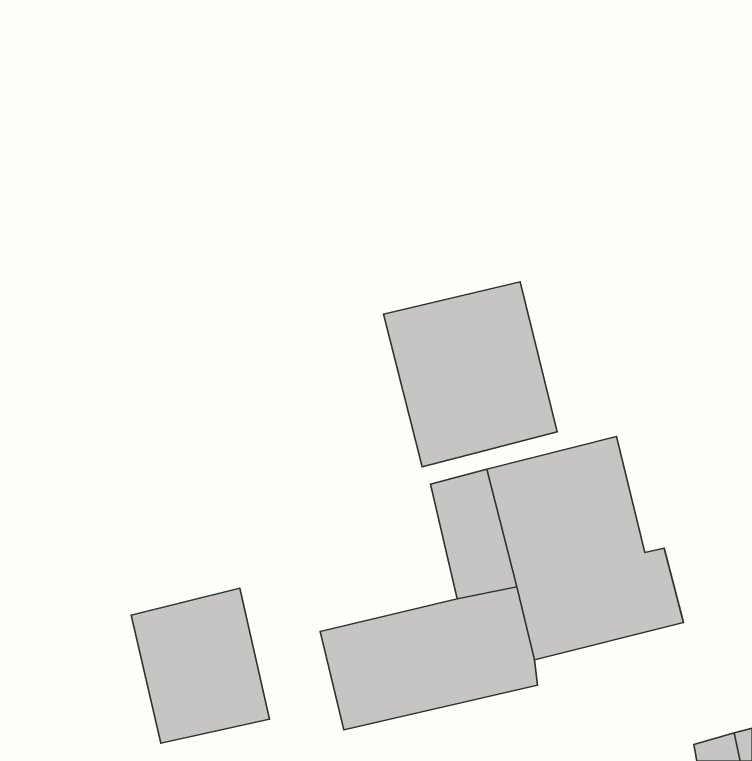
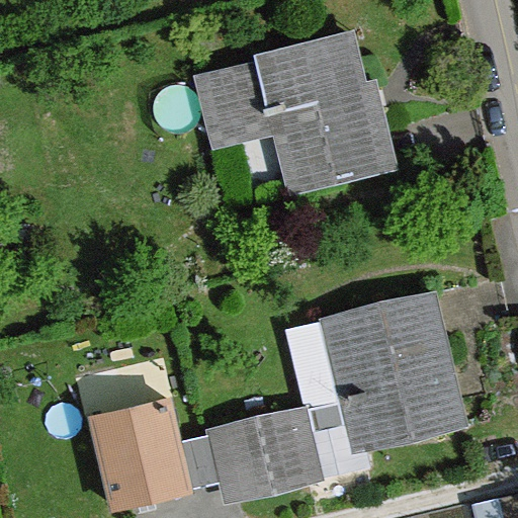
building: none -> [199,36,391,190]
building: [384,282,557,467] -> none

